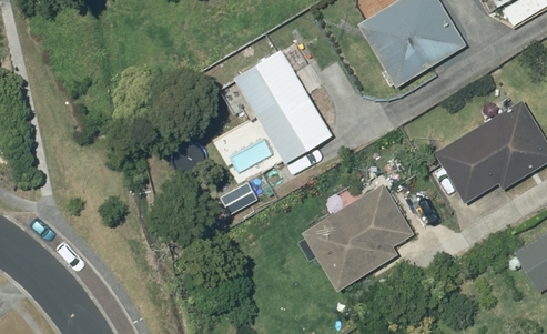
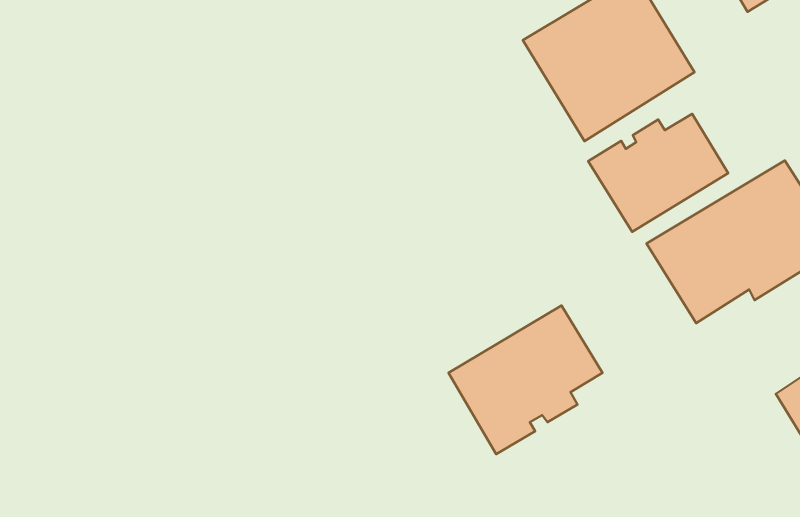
building: [234,51,333,164] -> none
building: none -> [588,114,728,232]

